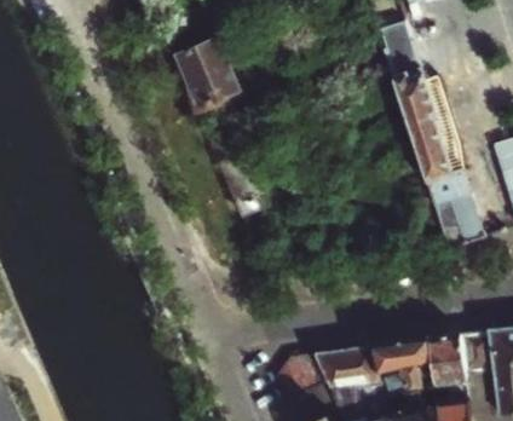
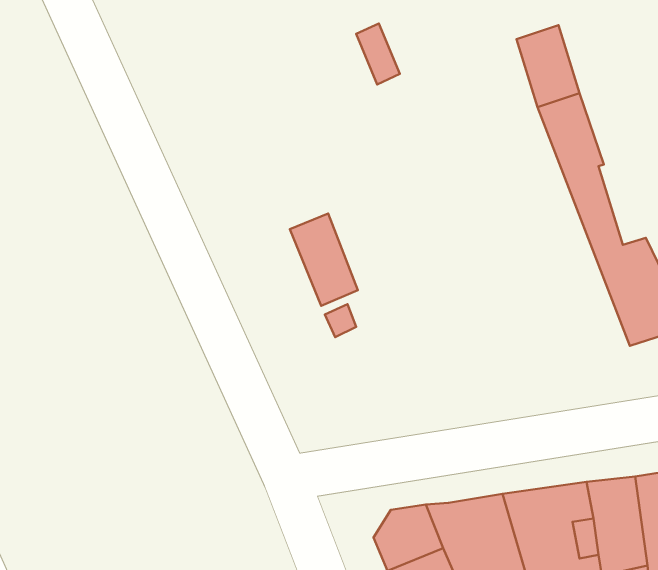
building: [174,36,238,108] -> none

